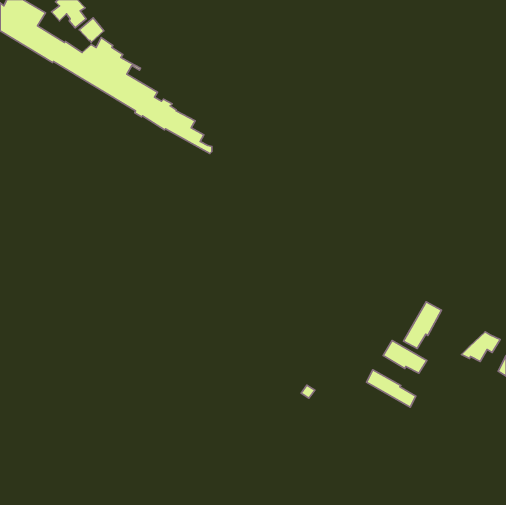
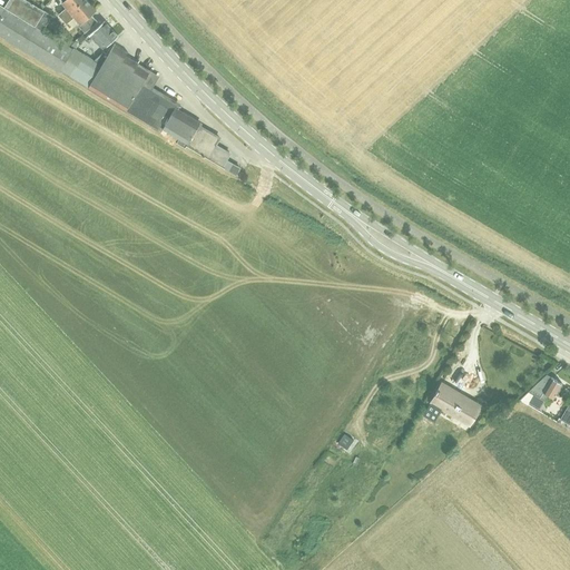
building: [404,302,442,348] -> none
building: [366,370,416,407] -> none

